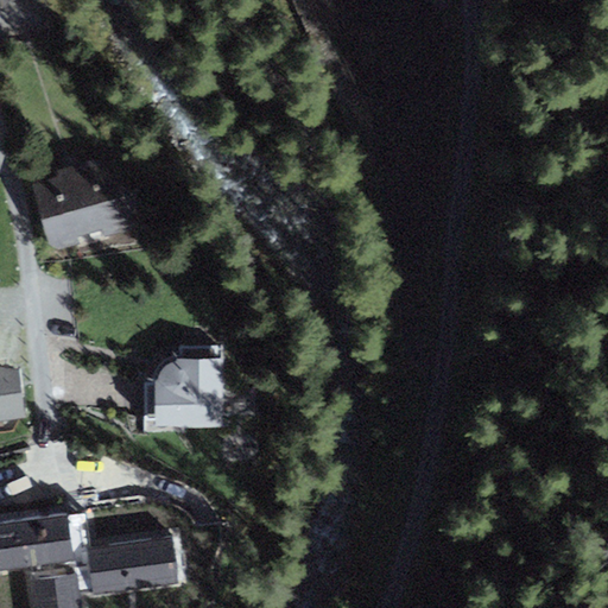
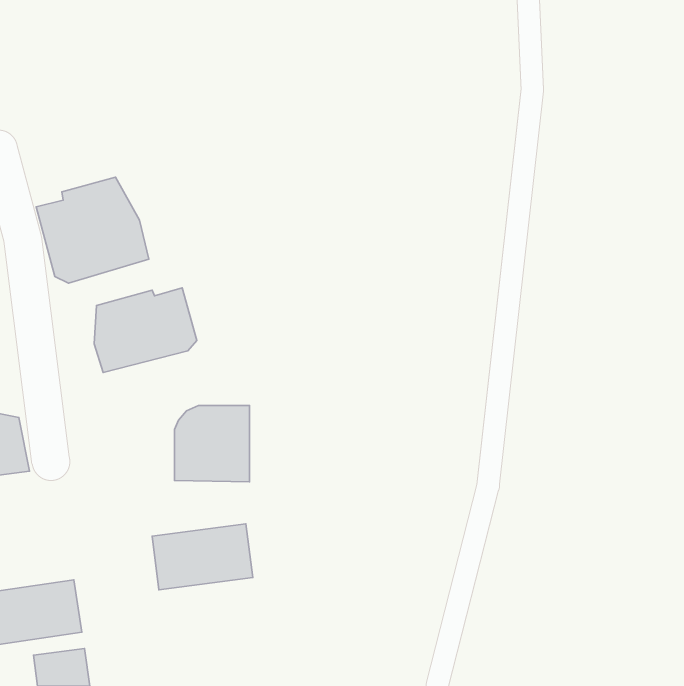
building: none -> [94,288,197,373]
building: [88,537,177,595] -> [152,524,253,590]

